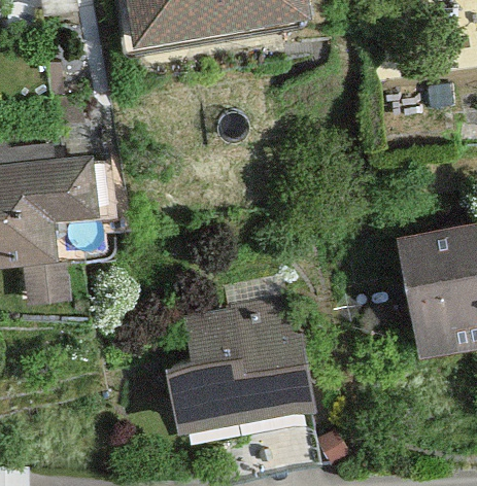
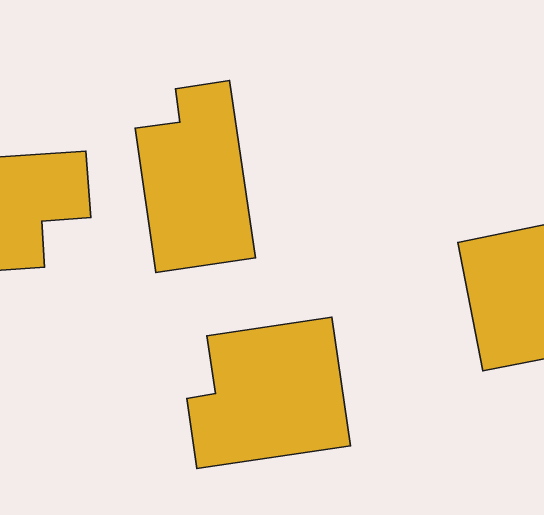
building: none -> [135,81,255,272]

